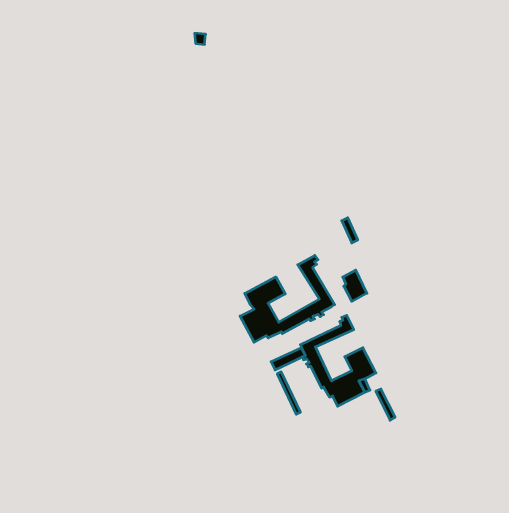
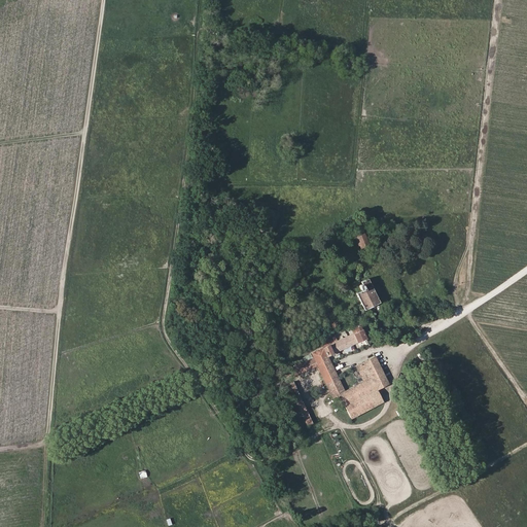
building: [240,255,335,342] -> none

